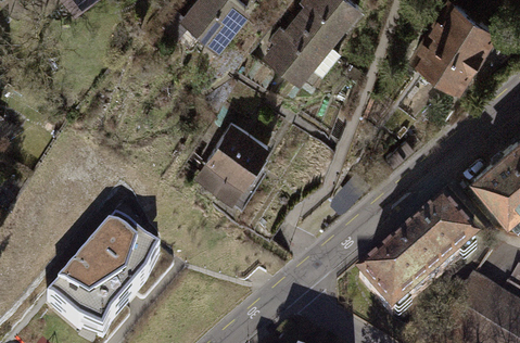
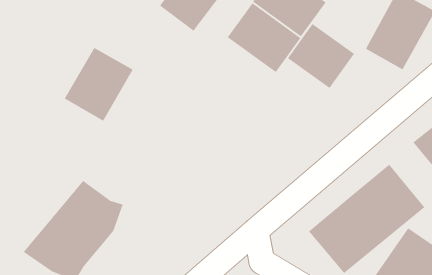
building: none -> [287,23,355,89]
building: [192,123,270,206] -> [64,47,133,122]

